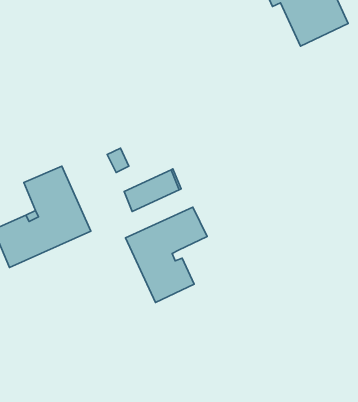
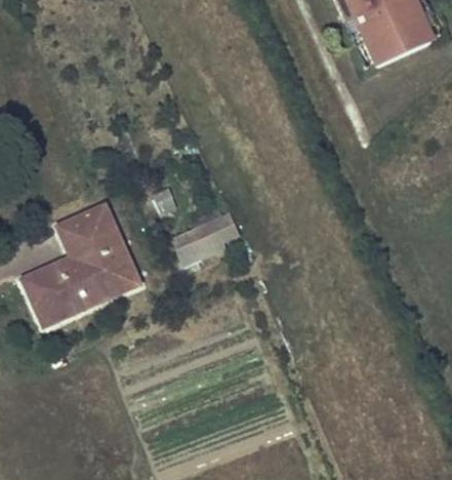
building: [126,207,207,302] -> none

